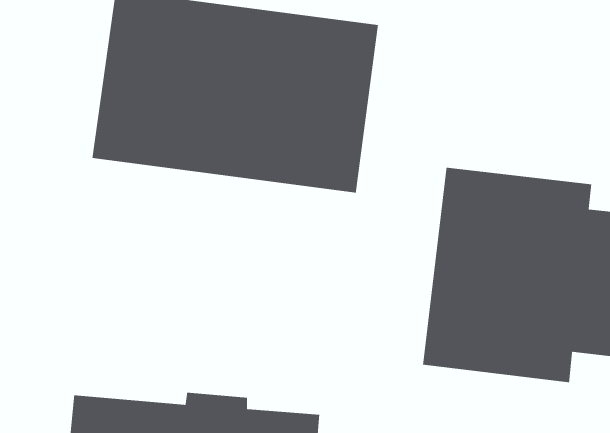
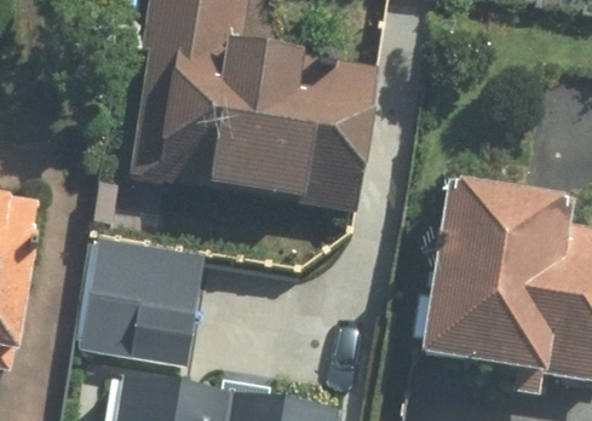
building: none -> [94,223,201,336]

